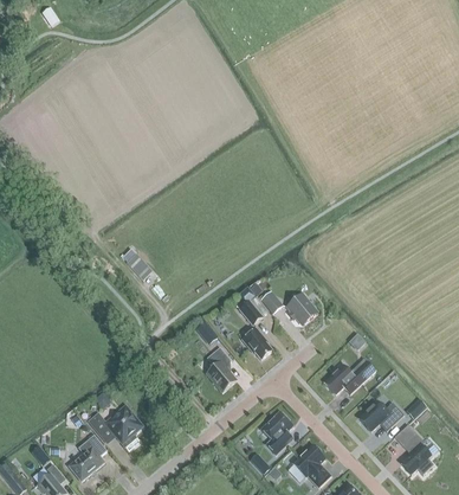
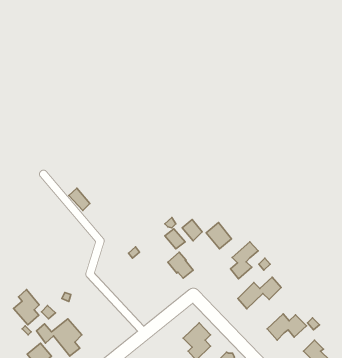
building: none -> [230,242,258,279]
building: [206,347,237,392] -> none
building: none -> [13,289,39,325]

